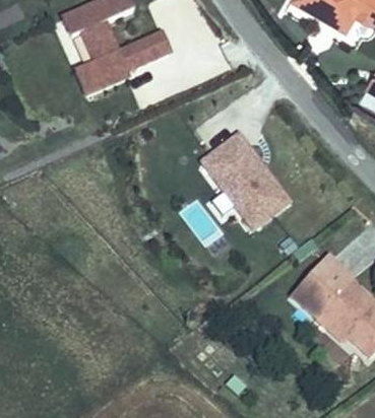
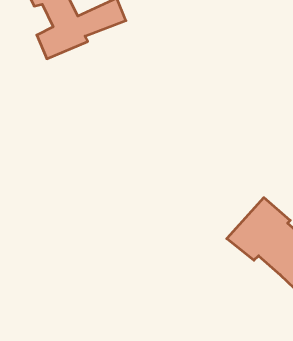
building: [195,133,291,234] -> none

